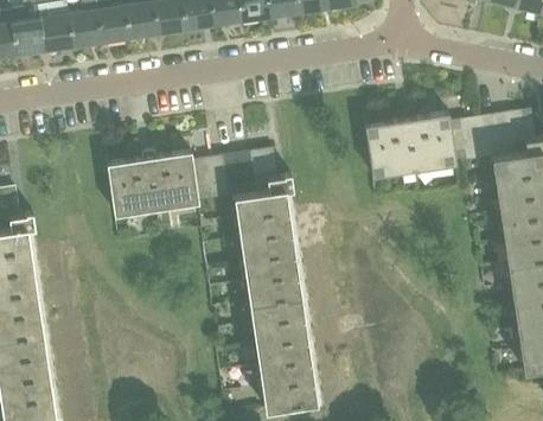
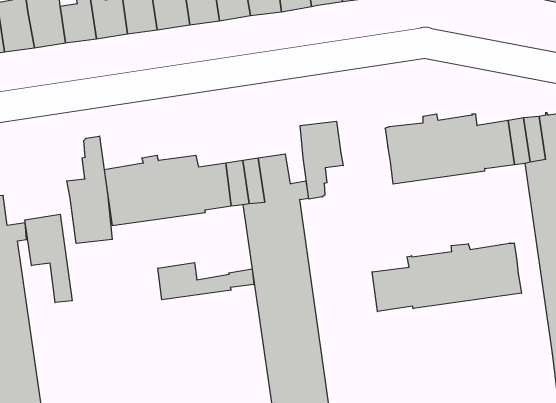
building: none -> [300,121,343,199]
building: none -> [67,136,112,243]
building: none -> [25,214,72,303]
building: none -> [372,243,521,312]
building: none -> [158,263,254,300]

